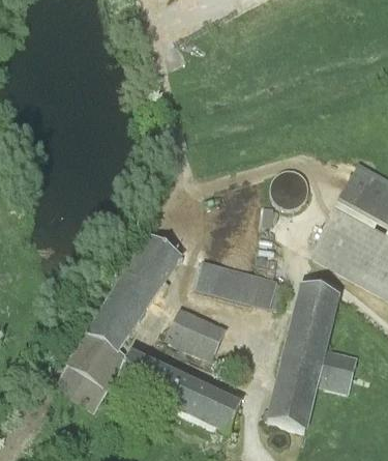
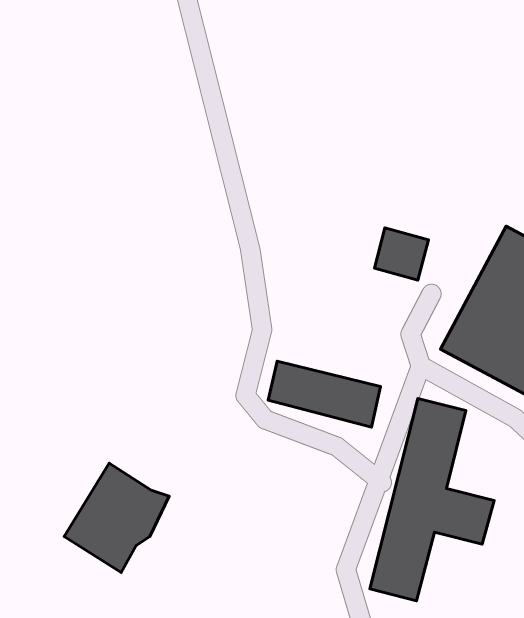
building: [88,235,179,349] -> none
building: [169,308,225,355] -> none
building: [116,353,239,432] -> none

